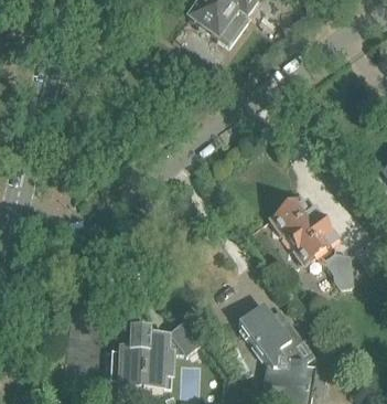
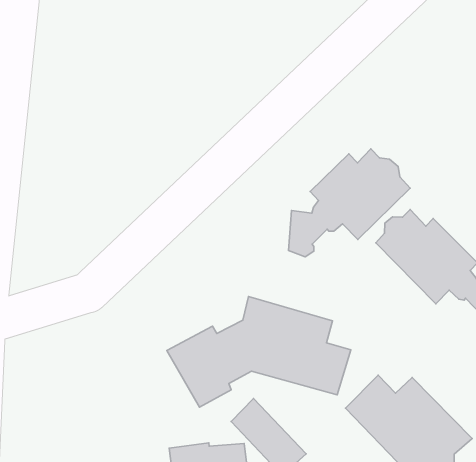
building: none -> [288,149,410,257]
building: none -> [167,296,351,407]

